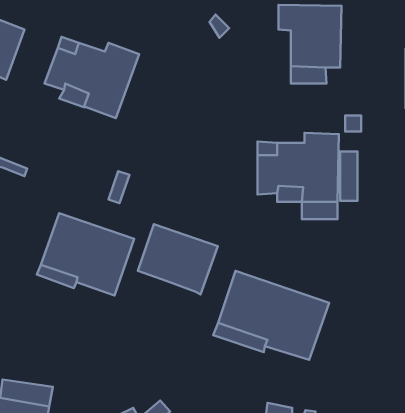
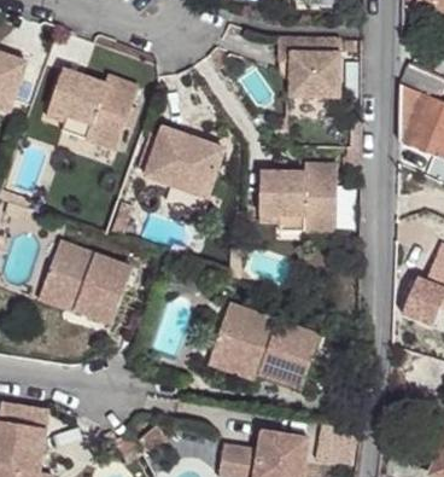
building: [138,224,218,294] -> [144,124,222,193]

